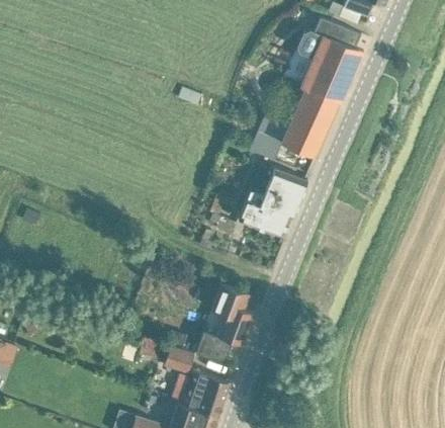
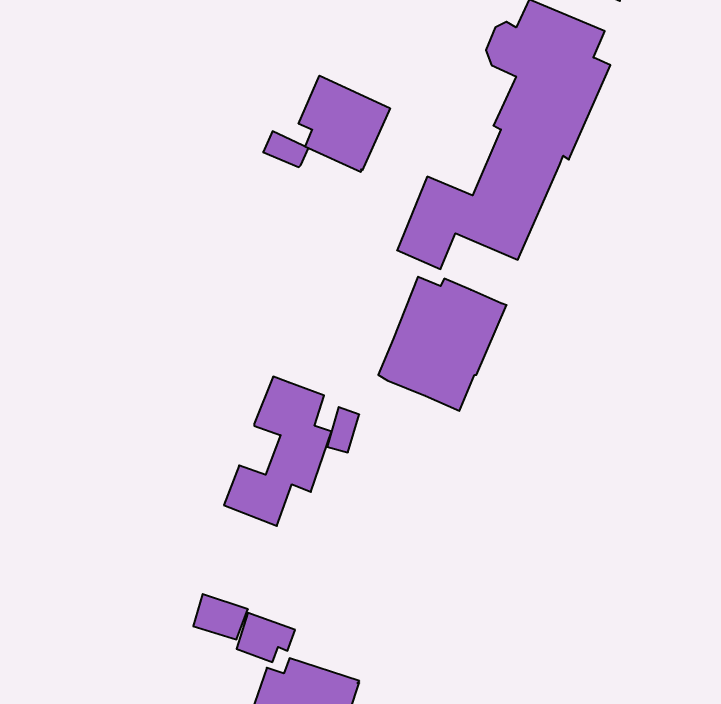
building: none -> [299,76,390,172]
building: [195,283,253,363] -> [224,377,332,526]

